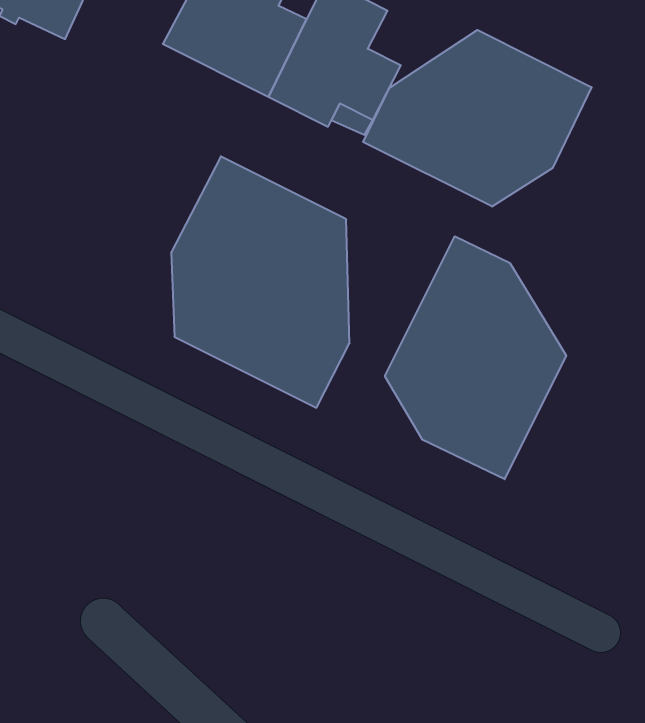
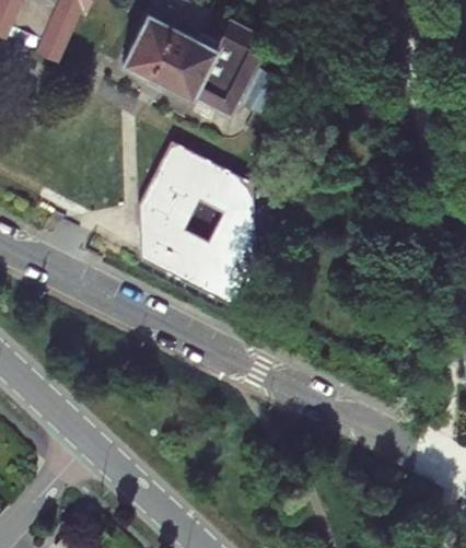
building: [363,30,592,207] -> none
building: [385,236,566,479] -> none

